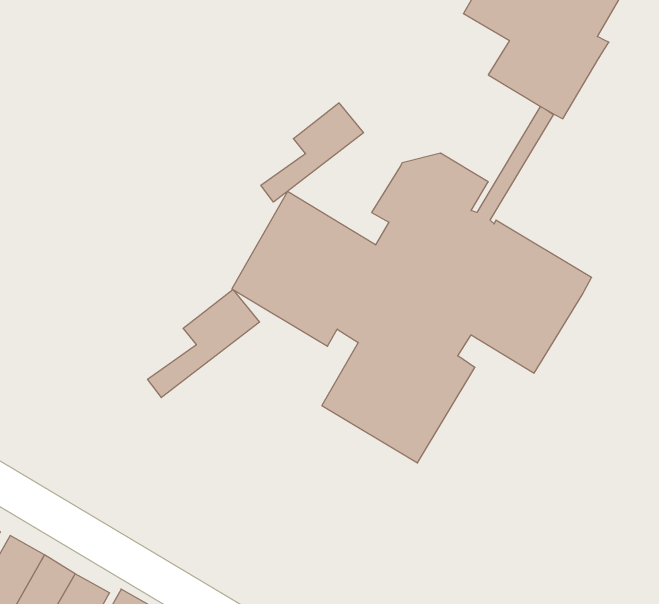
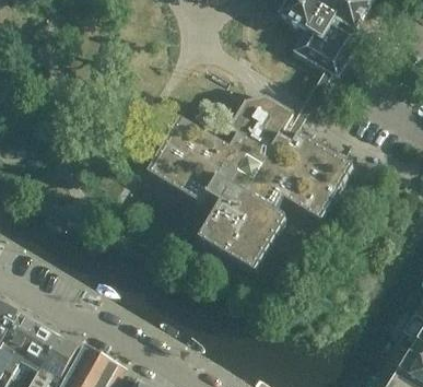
building: [261,103,363,202] -> none
building: [148,289,260,398] -> none

